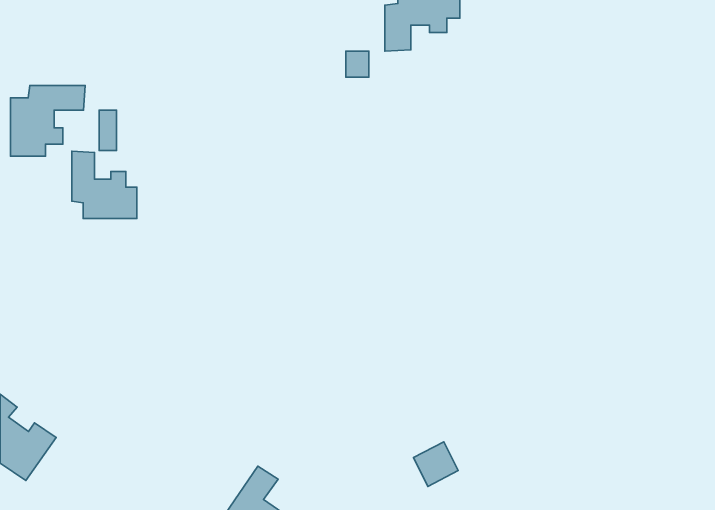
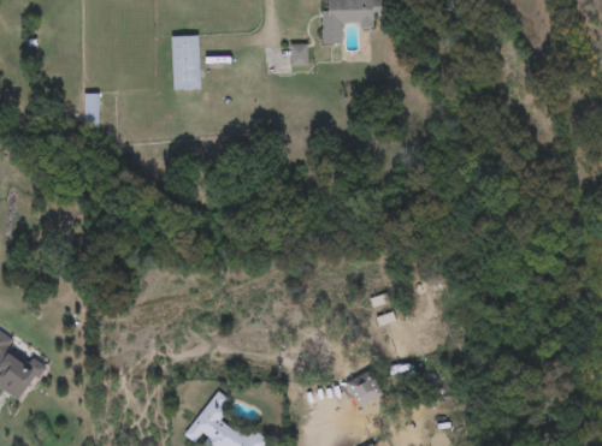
building: none -> [172,36,200,90]
building: [11,86,85,156] -> none
building: [72,151,137,218] -> none

